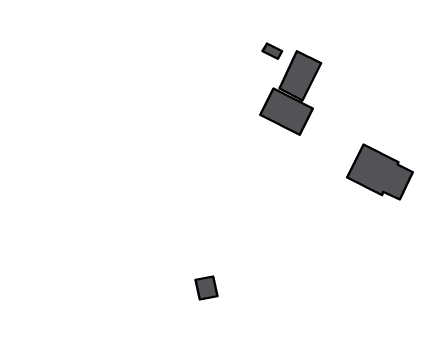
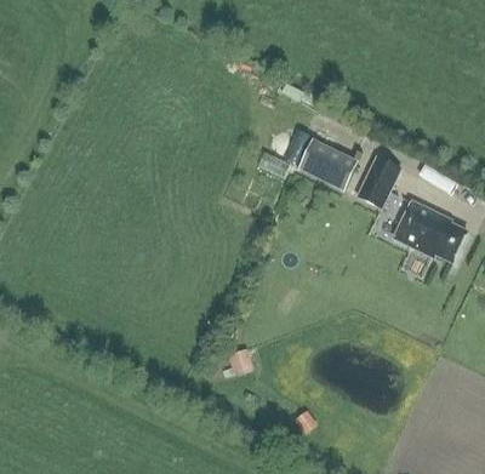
building: [279,51,321,100] -> [355,153,401,207]

